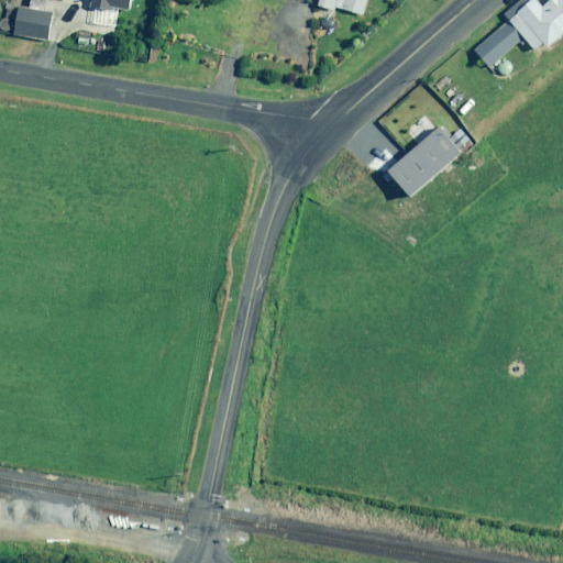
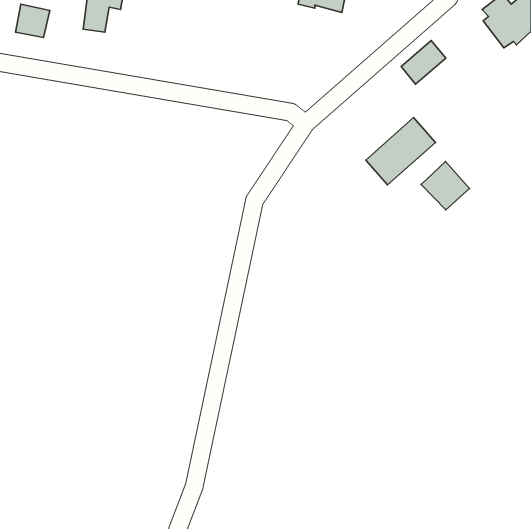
building: [473,20,520,66] -> [401,40,446,84]
building: none -> [421,161,470,210]

